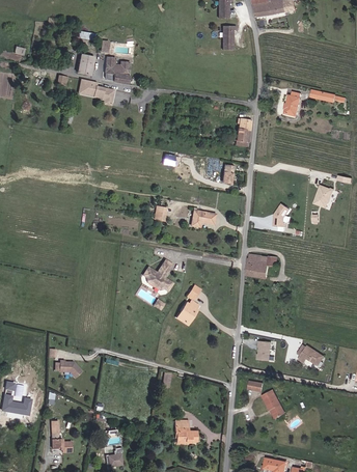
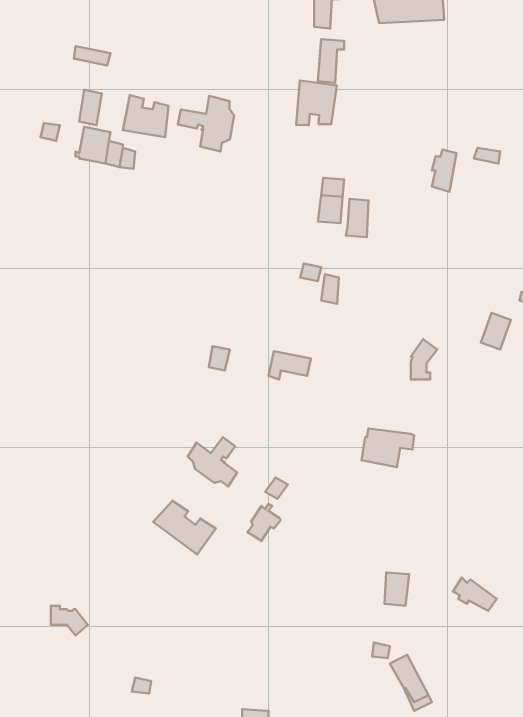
building: none -> [296,81,337,125]
building: none -> [178,96,234,152]
building: none -> [153,501,216,555]

